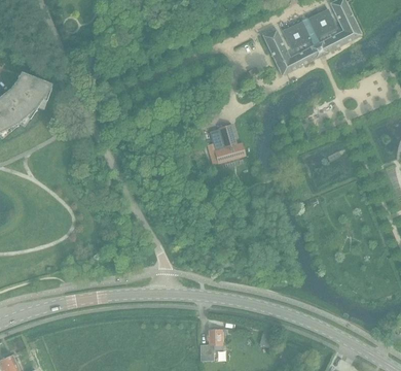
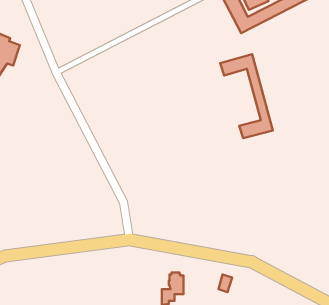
building: none -> [220,54,273,138]
building: [209,124,244,161] -> none

